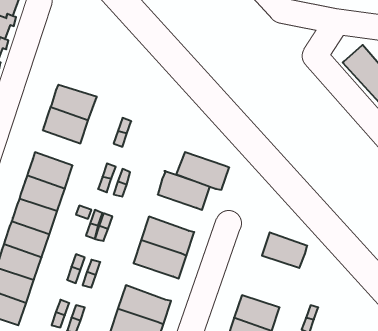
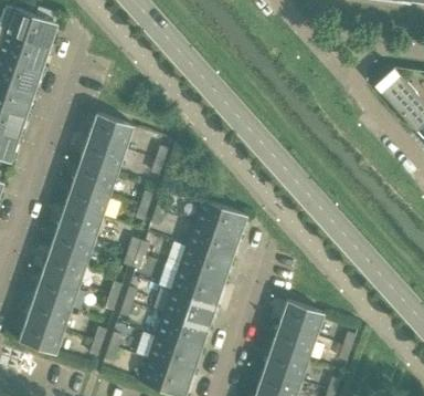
building: none -> [72,159,117,195]
building: [176,152,229,190] -> [186,223,238,261]
building: [262,232,307,268] -> [278,301,324,336]
building: none -> [162,292,215,330]

